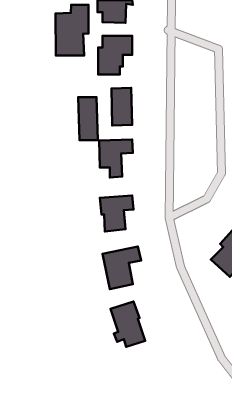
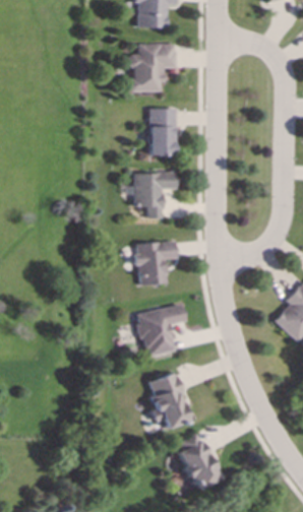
building: [56,5,88,56] -> none
building: [78,97,98,140] -> none
building: none -> [179,434,221,491]

